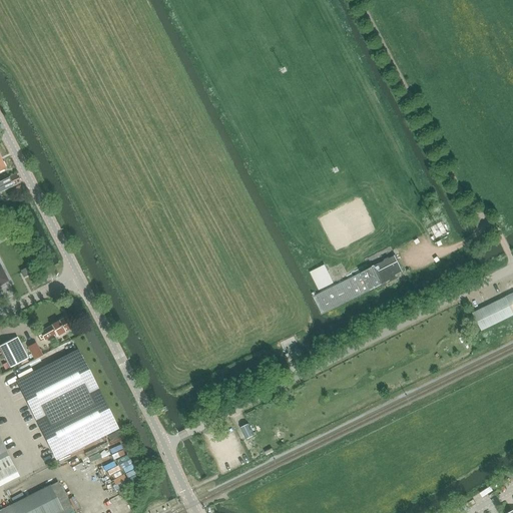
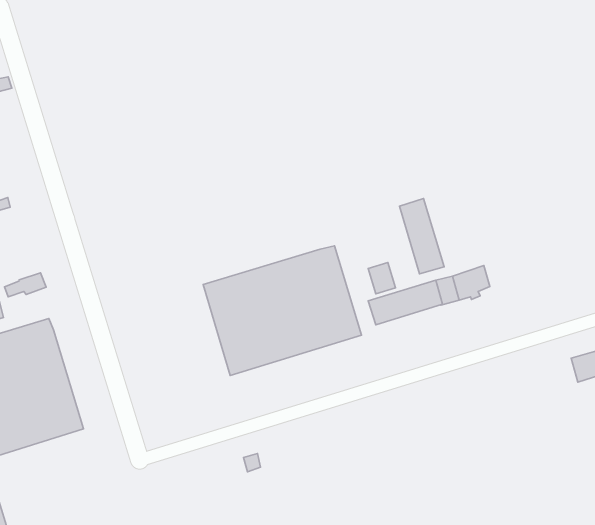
building: none -> [400,198,444,274]
building: none -> [203,246,361,376]

